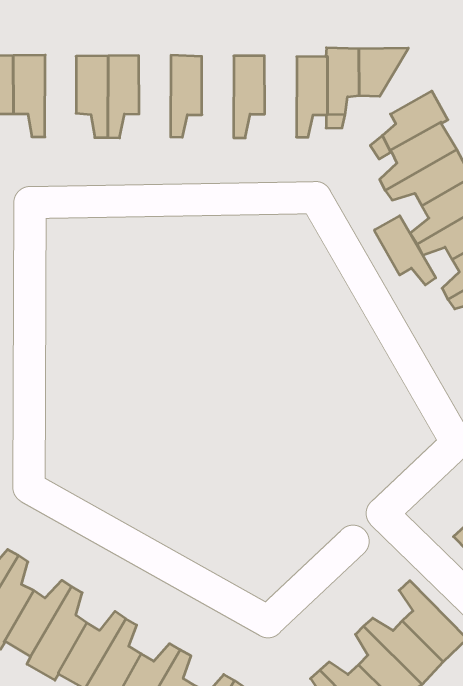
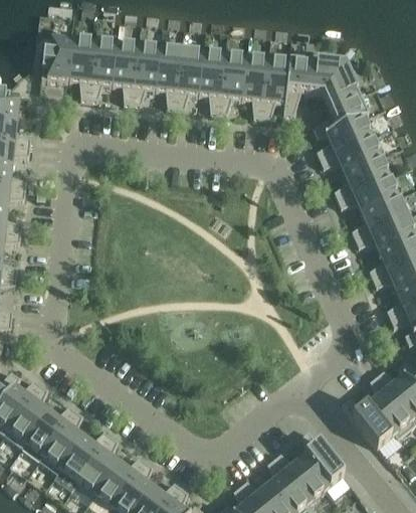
building: none -> [323,62,359,107]
building: none -> [89,41,117,99]
building: none -> [156,48,182,107]
building: none -> [242,57,268,116]
building: none -> [199,53,225,112]
building: [375,216,436,285] -> none

